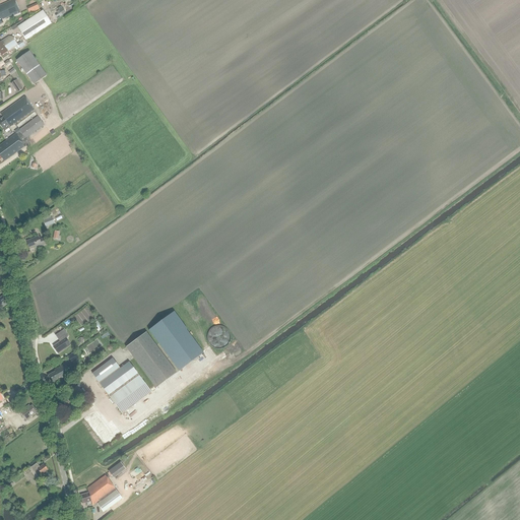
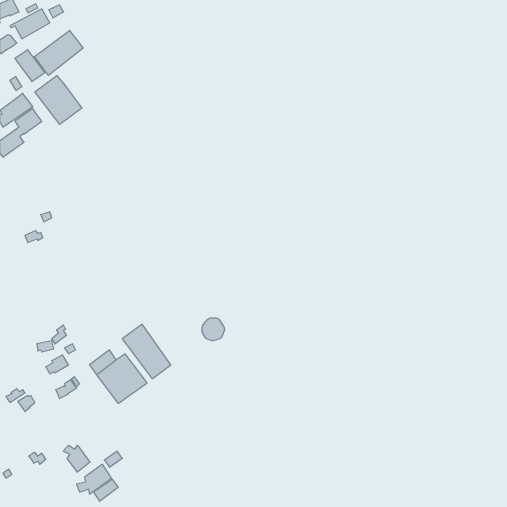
building: none -> [34,30,83,75]
building: none -> [35,76,82,124]
building: [147,311,202,370] -> none
building: none -> [63,445,90,472]

